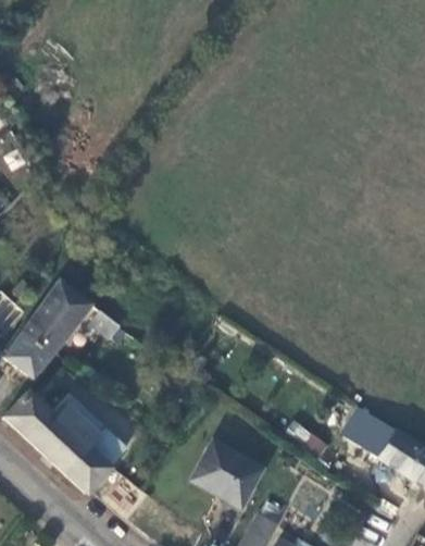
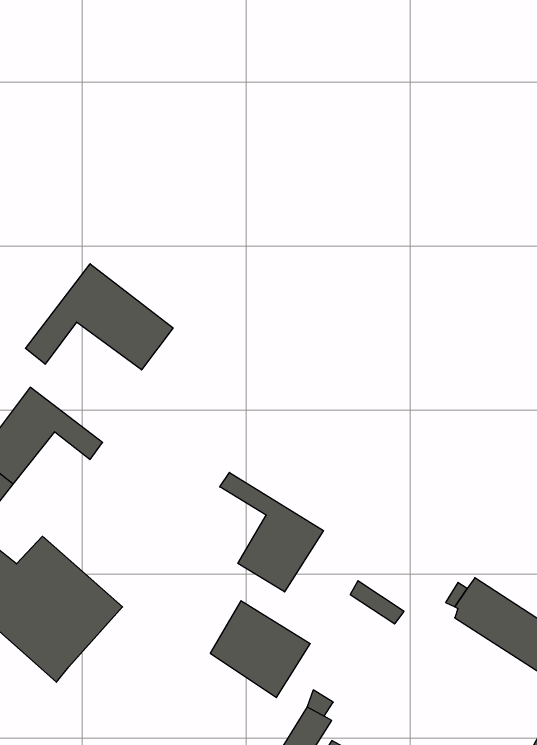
building: none -> [25,264,173,370]
building: none -> [220,472,323,592]

